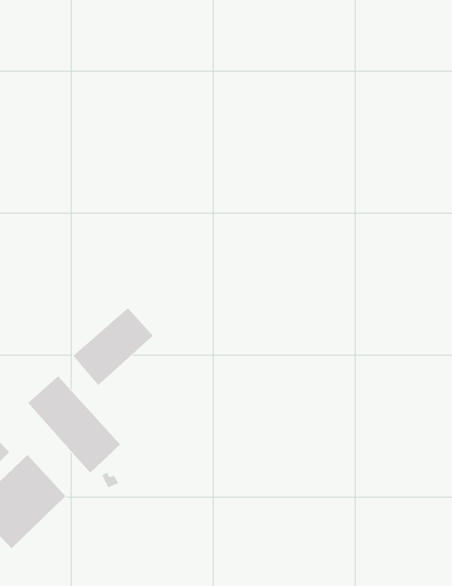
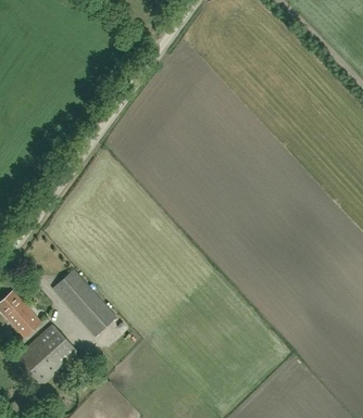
building: [73,307,153,386] -> none

